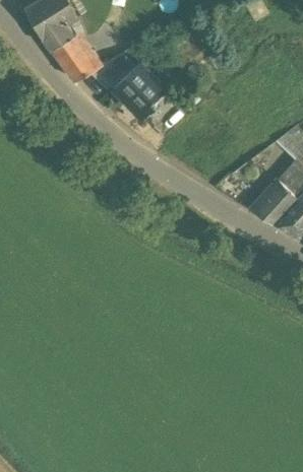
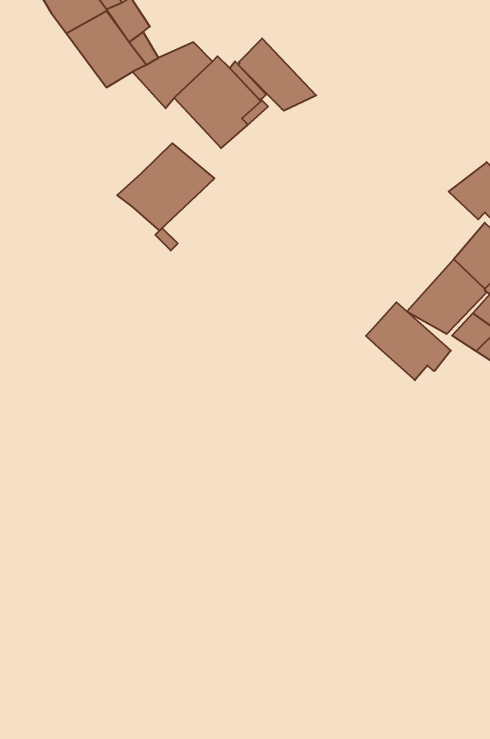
building: none -> [238,38,316,111]
building: none -> [117,143,214,230]
building: none -> [366,302,451,380]

